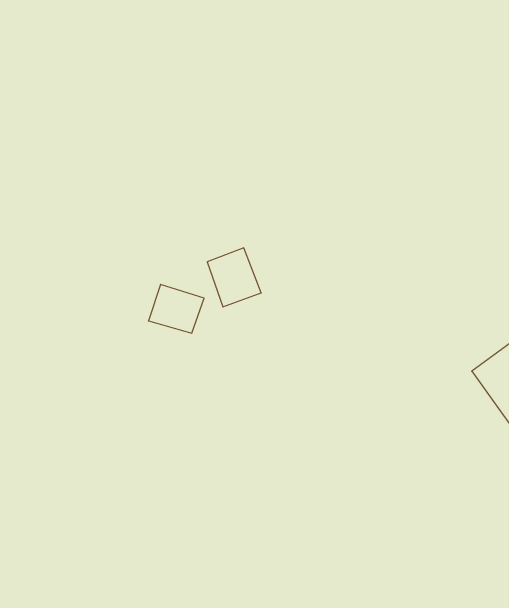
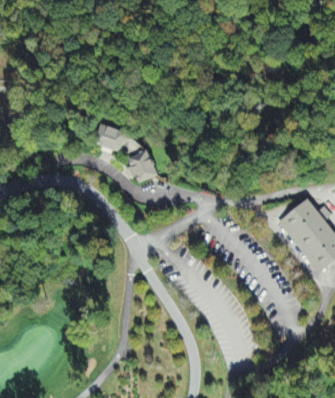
building: [148,284,204,333] -> [94,124,126,152]

